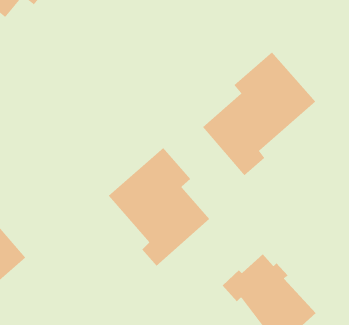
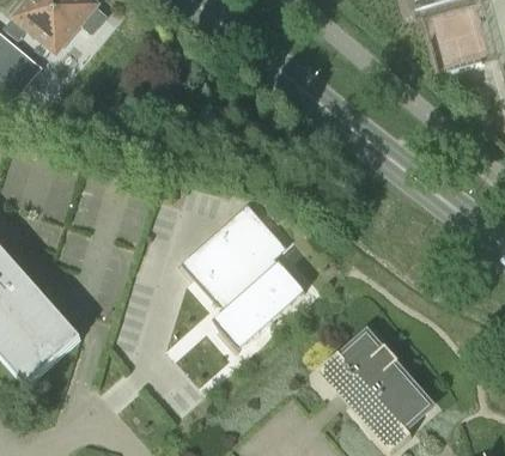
building: [202,51,316,176] -> none

